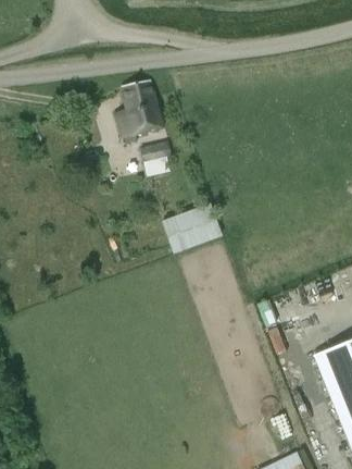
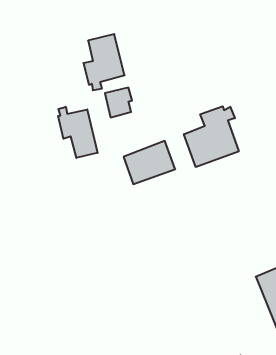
building: none -> [184,106,239,167]
building: none -> [58,107,98,158]

